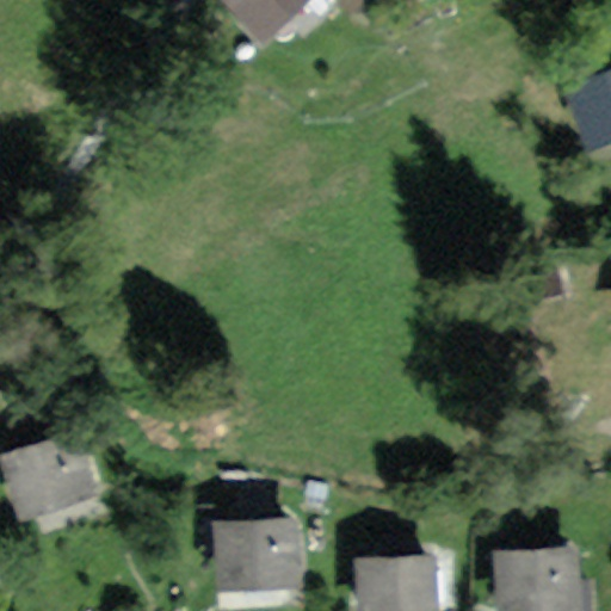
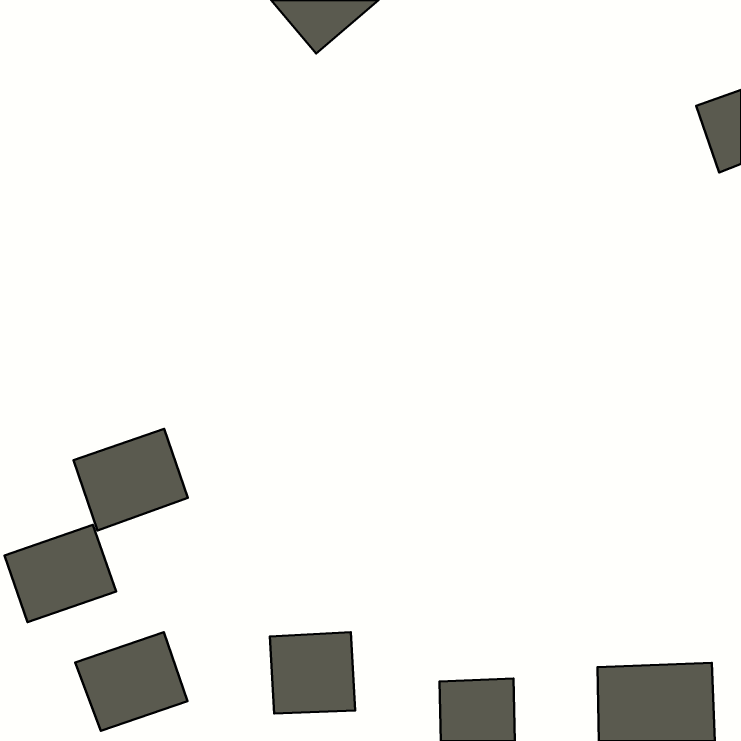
building: none -> [74,429,188,530]
building: none -> [75,632,188,731]

